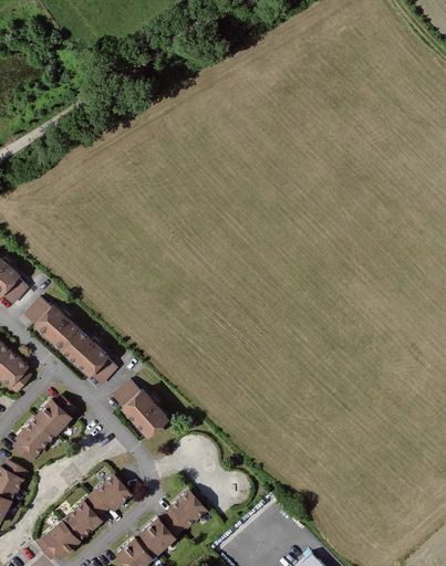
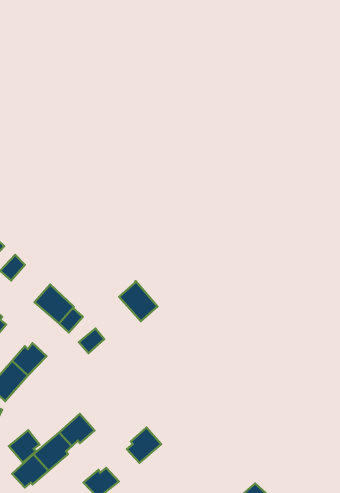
building: [35,305,80,349] -> none
building: [123,389,166,434] -> [119,281,157,321]
building: none -> [9,430,40,463]
building: [141,515,180,552] -> none

